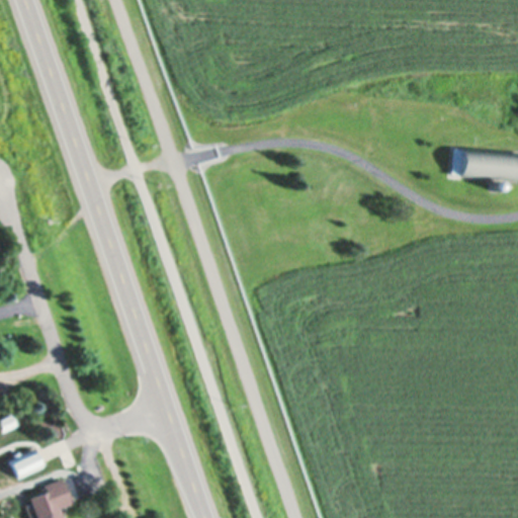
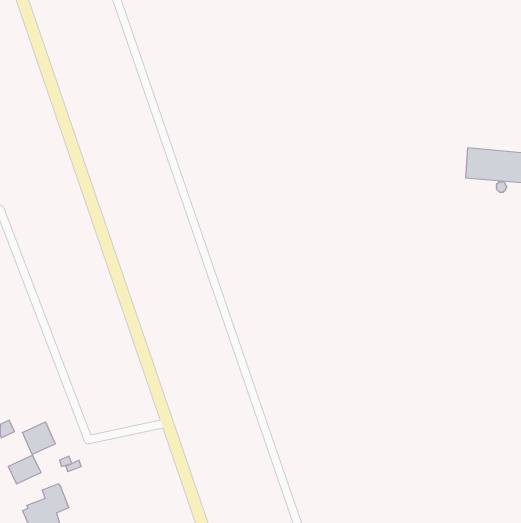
building: none -> [22,422,55,454]

